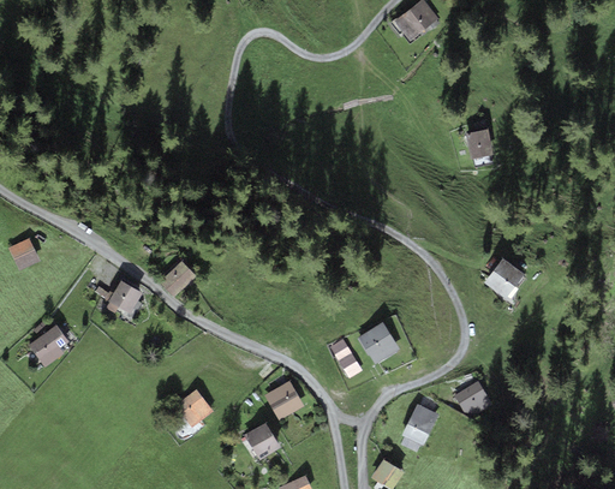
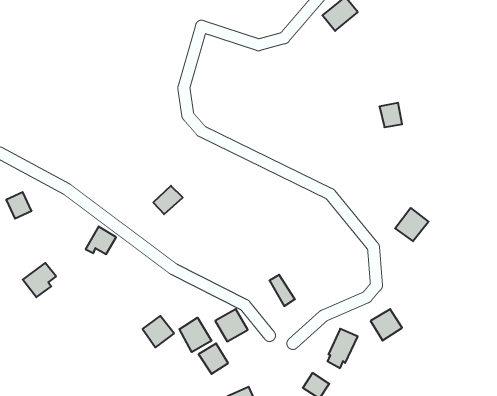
building: [160,262,196,297] -> [153,186,183,214]
building: [359,322,399,363] -> none
building: none -> [179,318,212,352]

